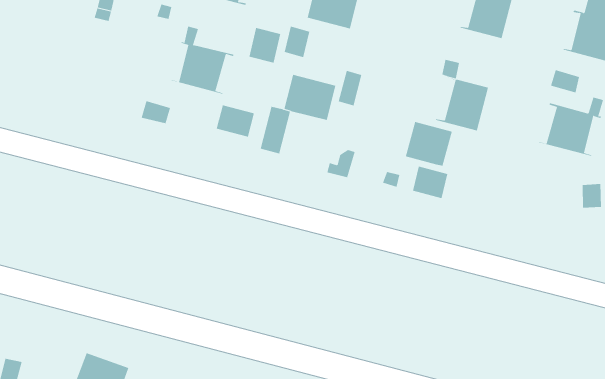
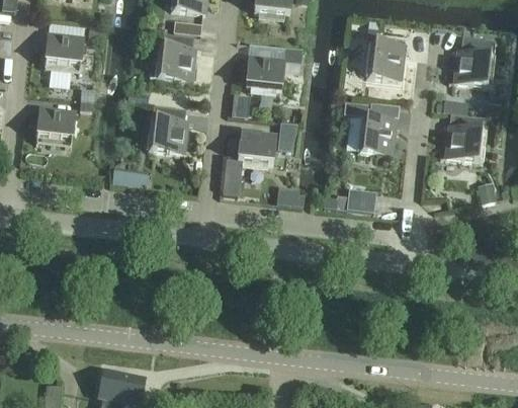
building: none -> [35,107,75,146]
building: [249,27,281,64] -> none
building: [216,104,254,137] -> none
building: [405,121,452,167] -> none

